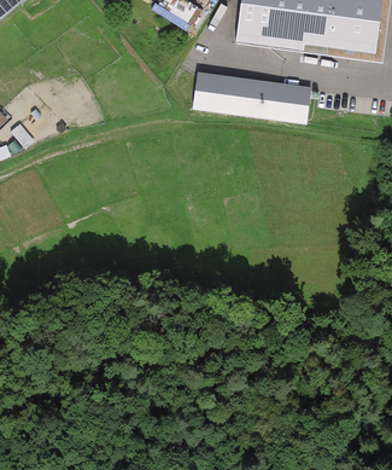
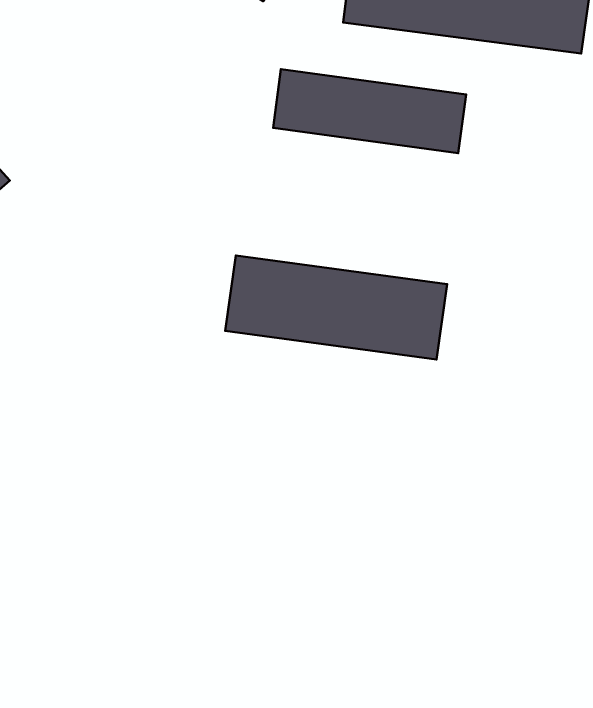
building: none -> [225,255,447,360]

